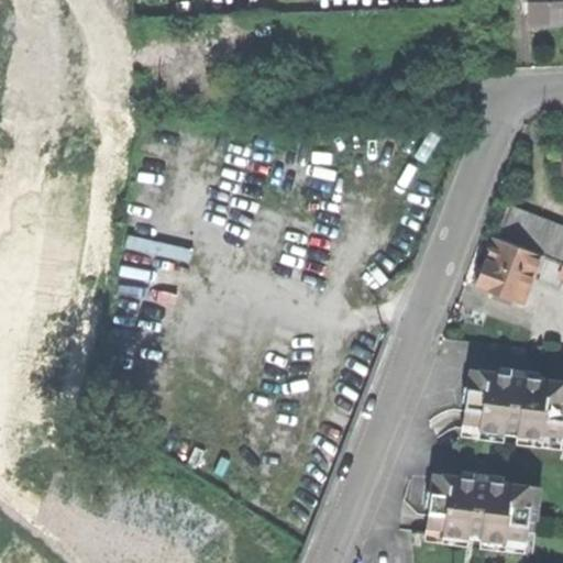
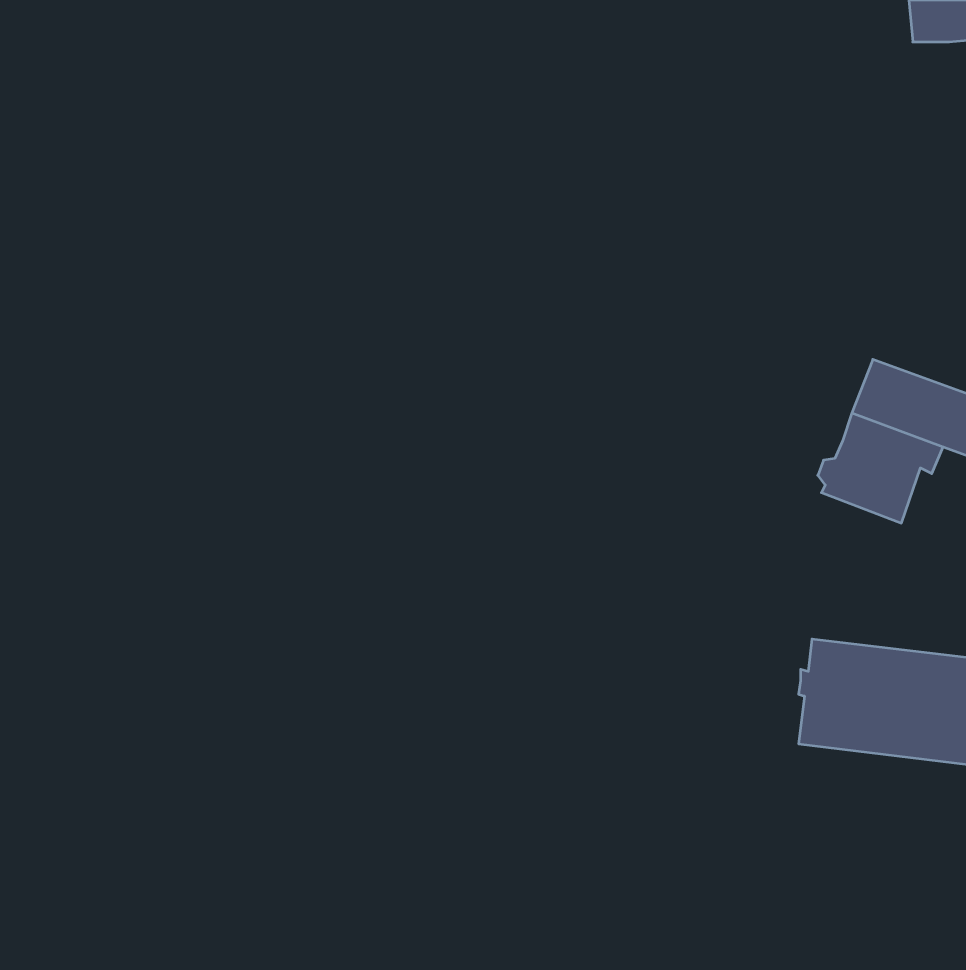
building: [427,475,542,547] -> none

